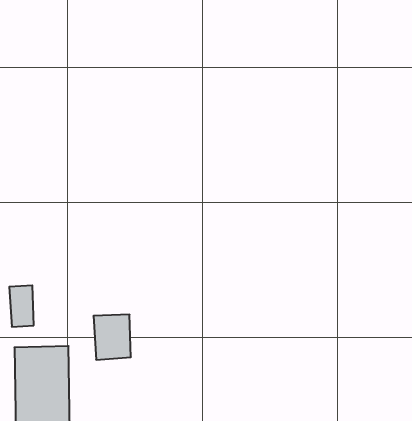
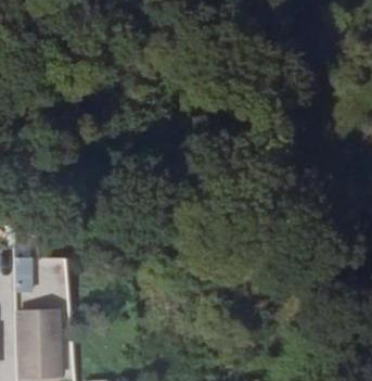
building: [93,315,131,360] -> [36,256,67,294]

